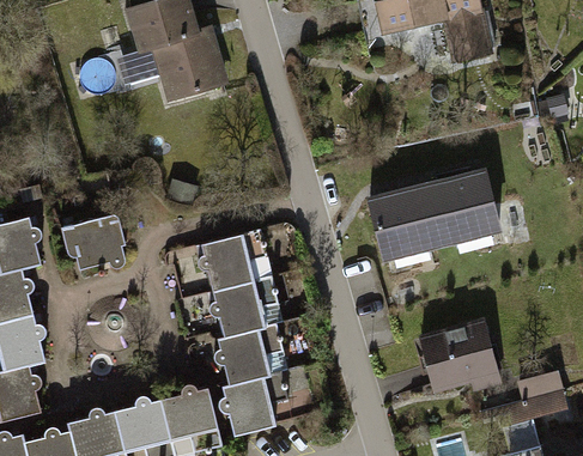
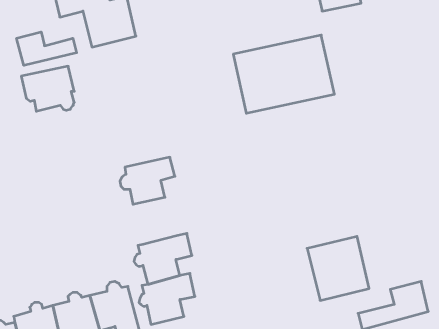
building: none -> [17,32,77,65]
building: [377,164,498,257] -> [233,35,334,113]
building: [62,213,126,267] -> [21,66,74,111]
building: [209,275,279,336] -> none

